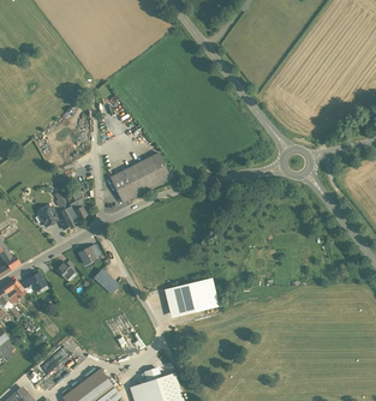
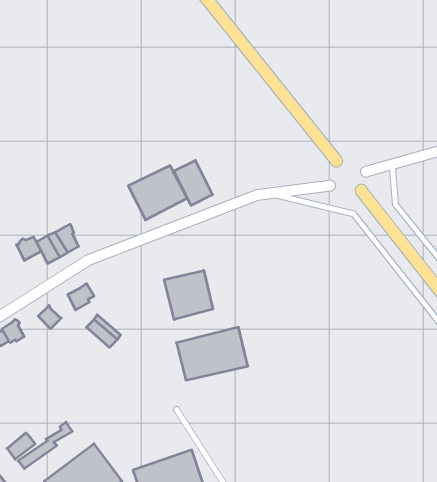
building: [108,168,138,203] -> [174,160,213,205]
building: none -> [164,270,213,320]

